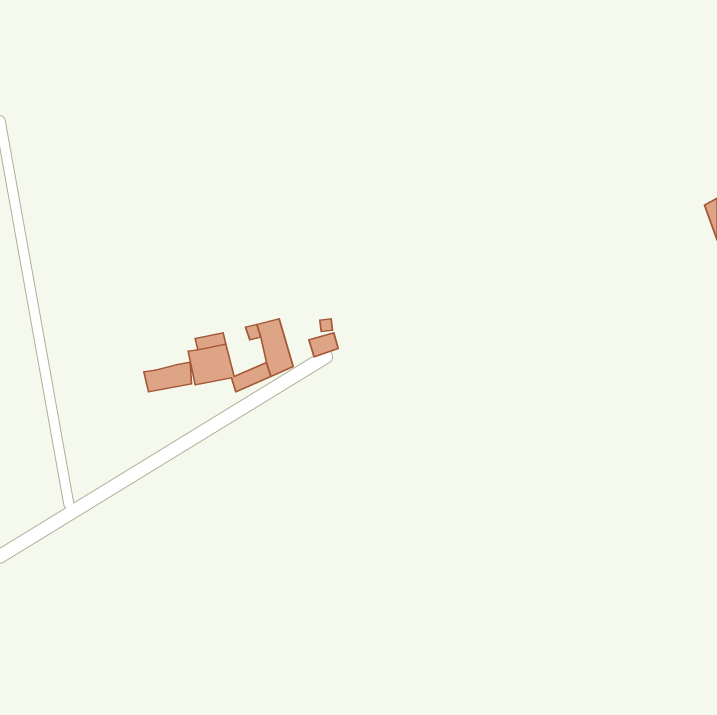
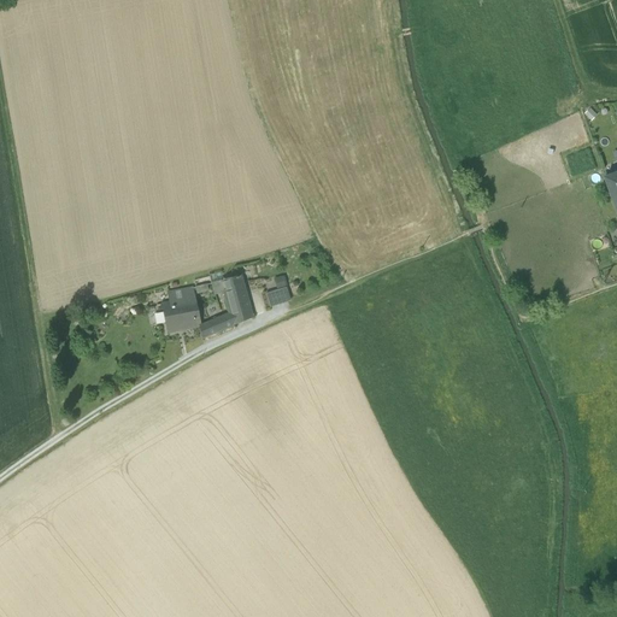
building: [144,362,192,392] -> none

